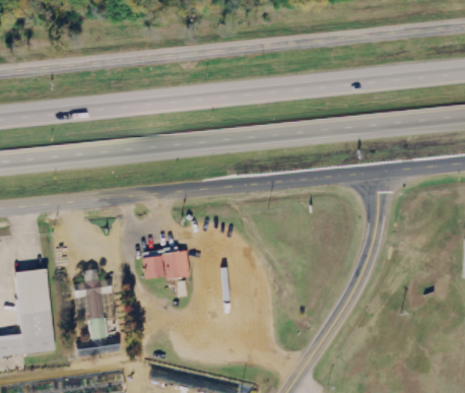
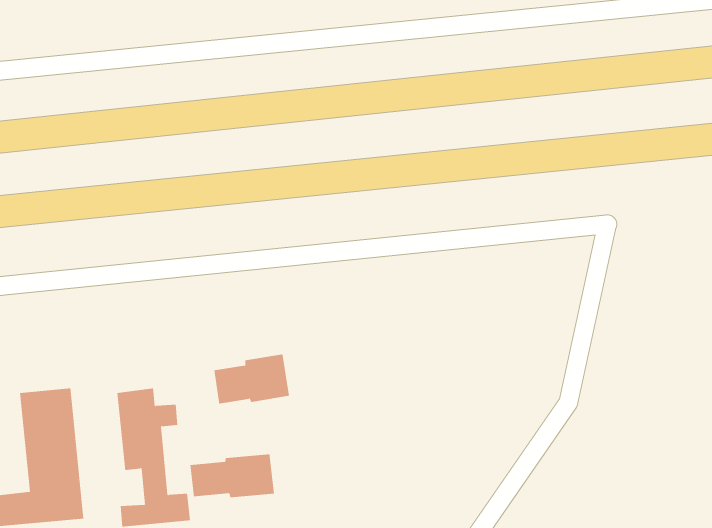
building: none -> [190,454,274,498]

